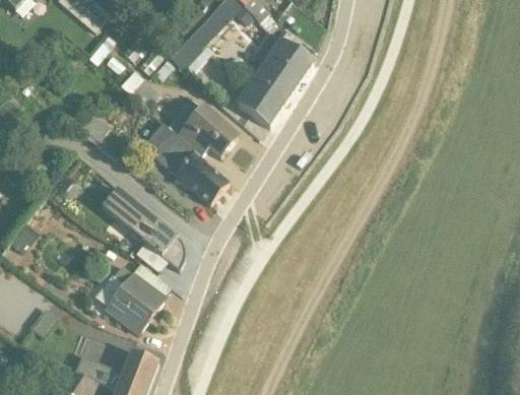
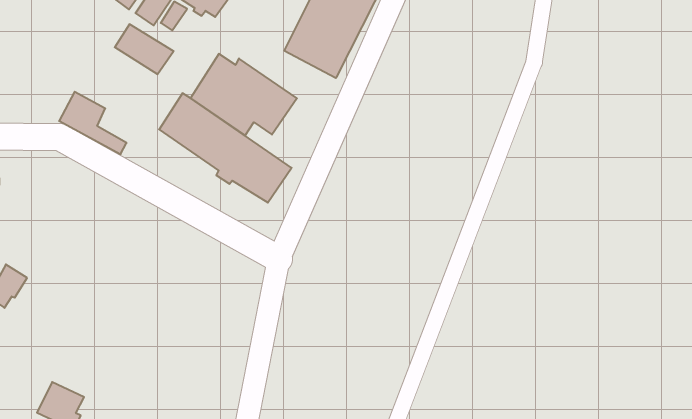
building: [102,188,185,273] -> none
building: [93,262,167,335] -> none

